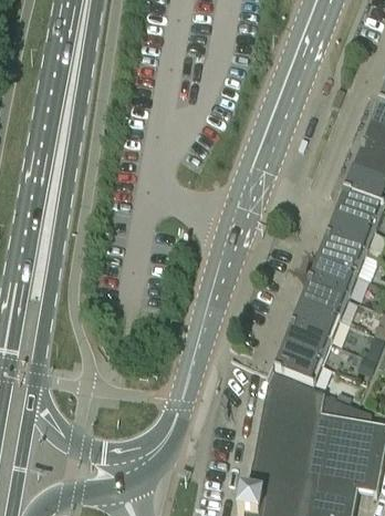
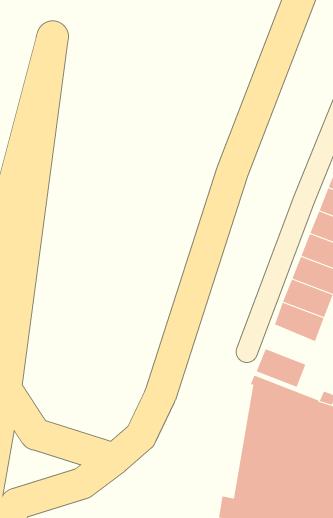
building: [282,326,331,364] -> none

